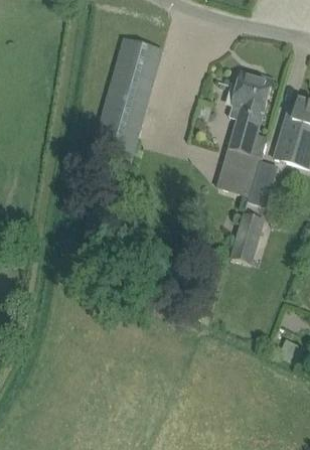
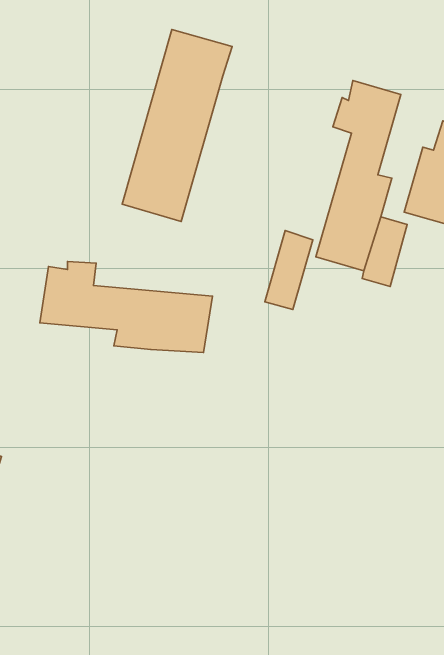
building: none -> [40,262,212,353]
building: [231,210,263,262] -> [265,231,313,309]

